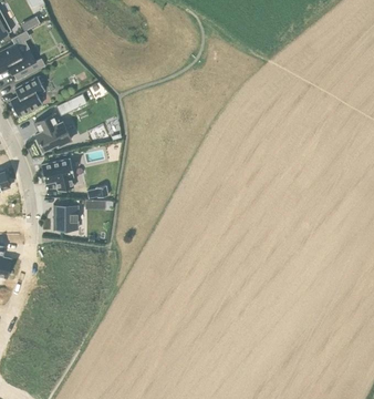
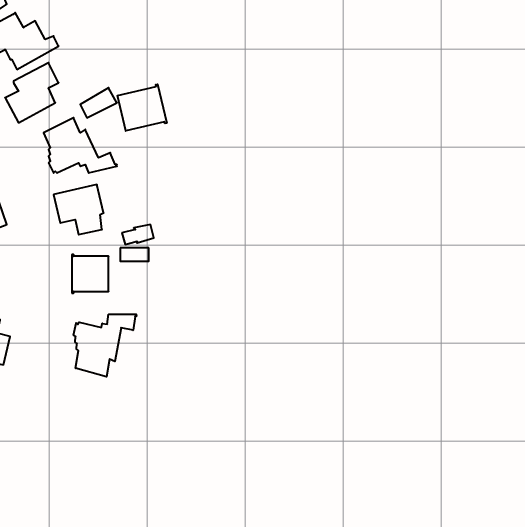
building: none -> [117,84,167,131]
building: none -> [74,314,137,377]

